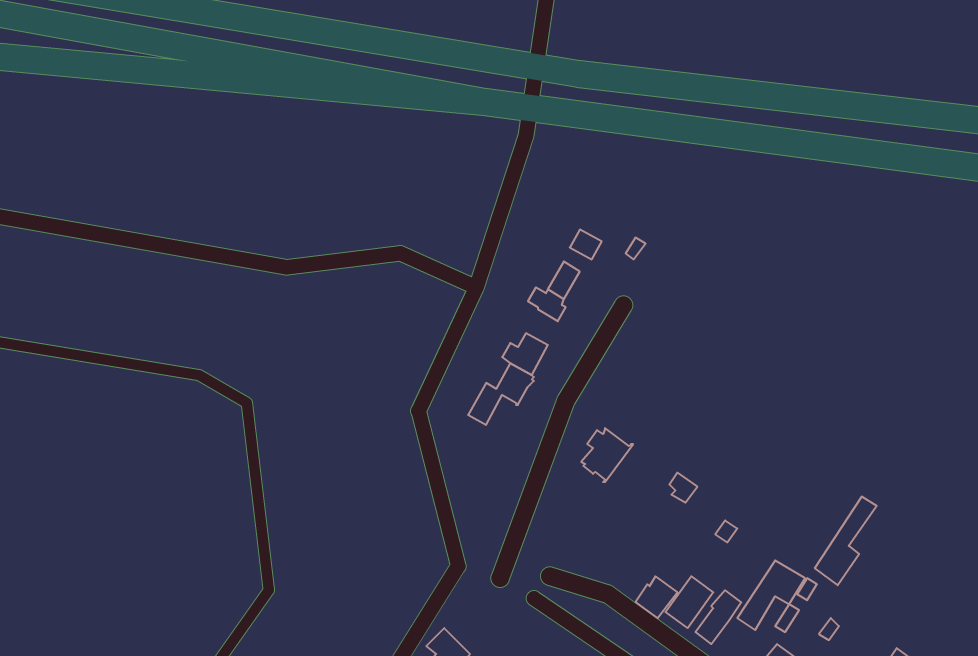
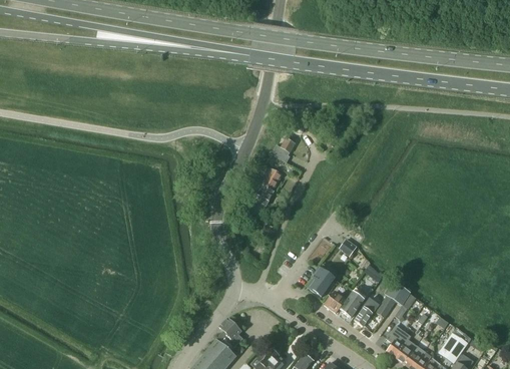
building: [581,428,633,482] -> [310,270,336,297]
building: [815,496,877,585] -> none

